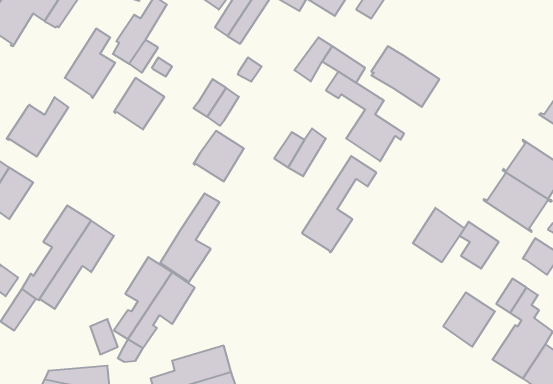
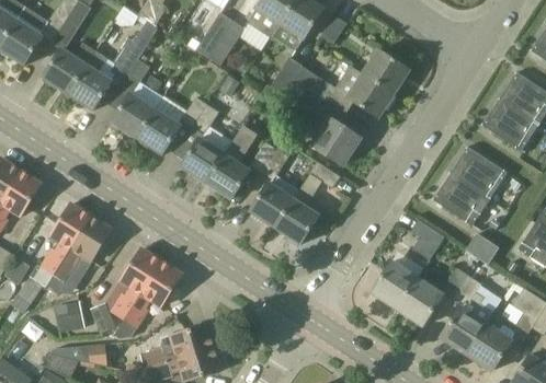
building: none -> [362,49,409,93]
building: none -> [136,108,179,154]
building: [7,97,68,156] -> [42,40,95,92]
building: none -> [249,182,293,227]
building: [160,193,220,283] -> [206,121,258,199]
building: [413,208,465,262] -> [372,260,417,307]
building: none -> [54,300,87,332]

